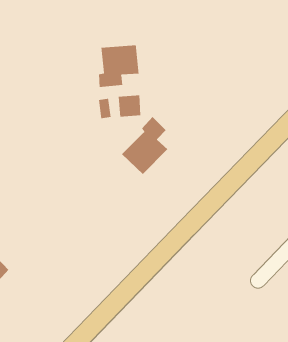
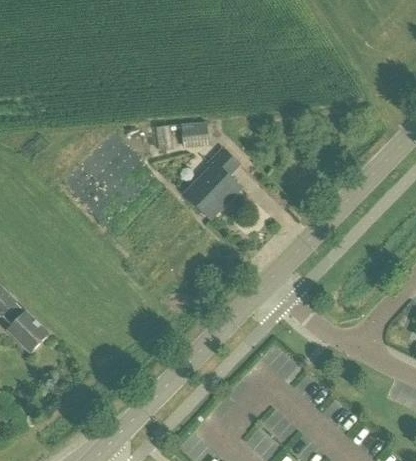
building: [99,45,139,88] -> none

